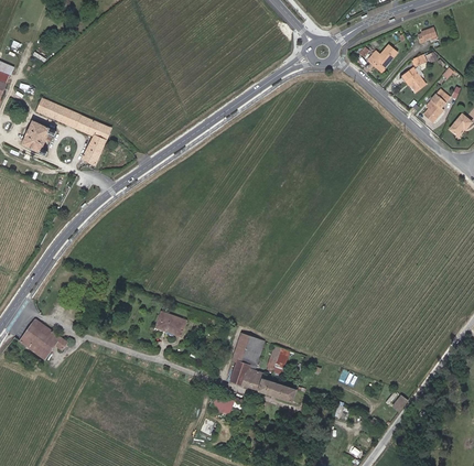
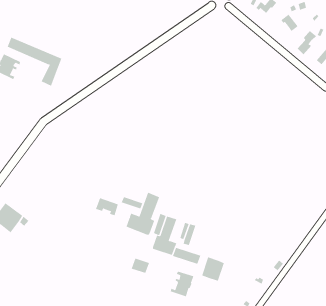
building: none -> [126,192,160,236]
building: none -> [202,257,225,281]
building: none -> [170,271,194,297]

